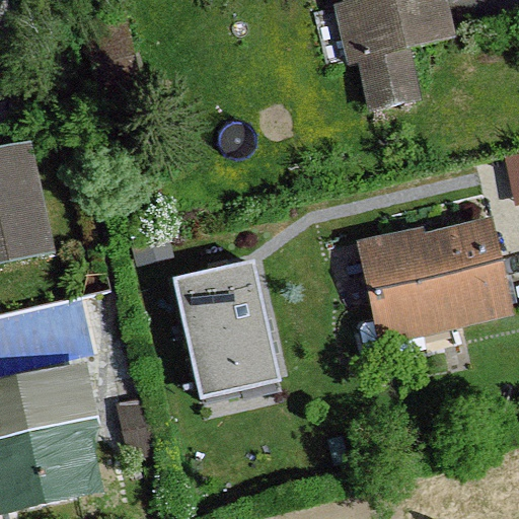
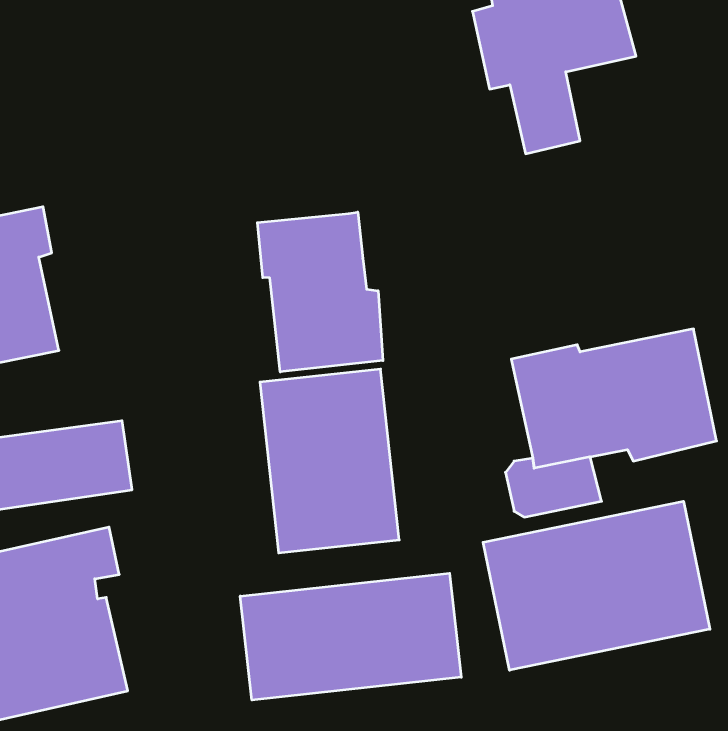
building: none -> [257,212,383,372]
building: none -> [483,501,710,670]
building: none -> [240,573,461,700]

